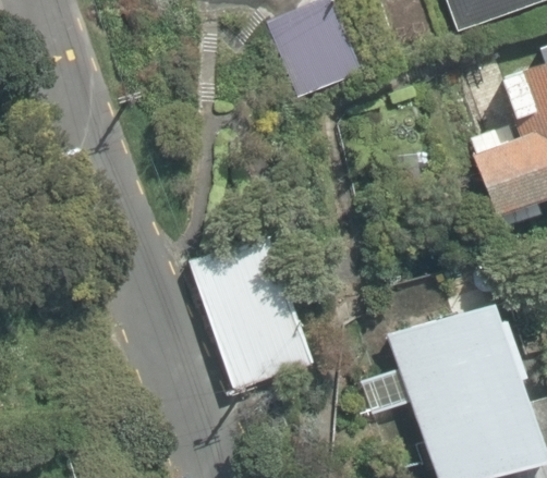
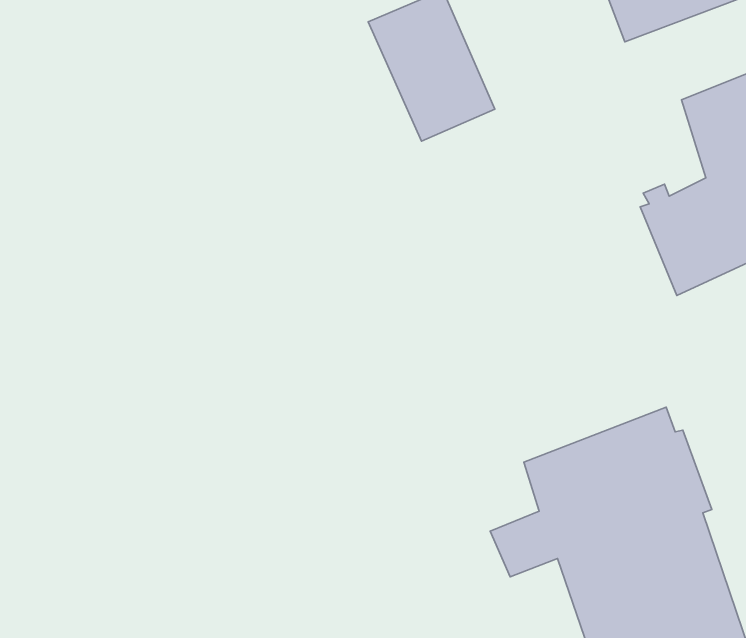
building: [189,229,316,388] -> none

